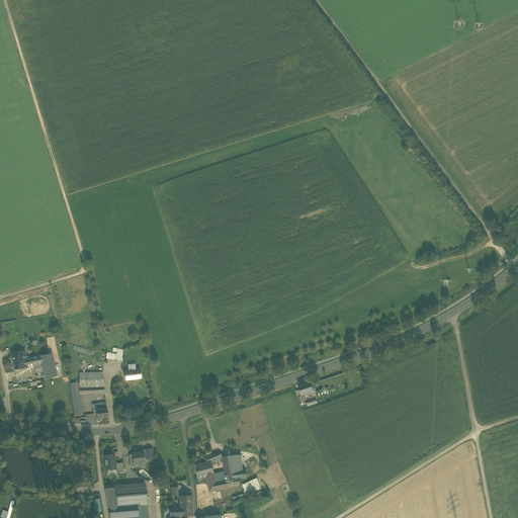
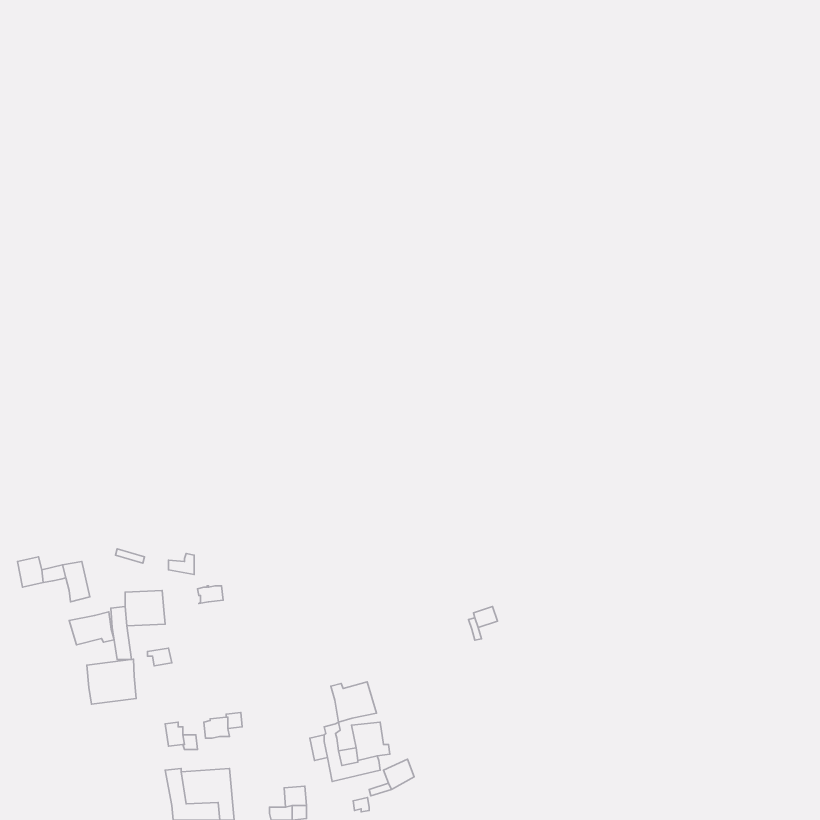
building: none -> [69,612,114,645]
building: none -> [87,659,136,704]
building: none -> [331,682,377,722]

